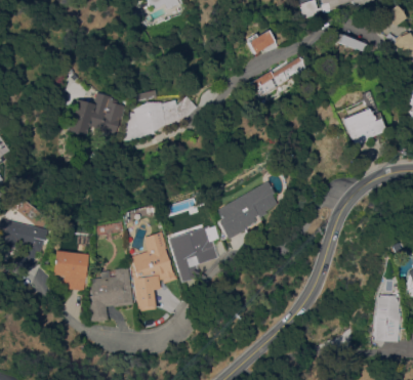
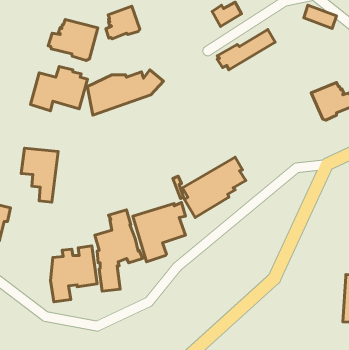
building: none -> [106,6,140,39]
building: none -> [48,20,98,60]
building: [53,250,89,302] -> [21,148,58,202]

